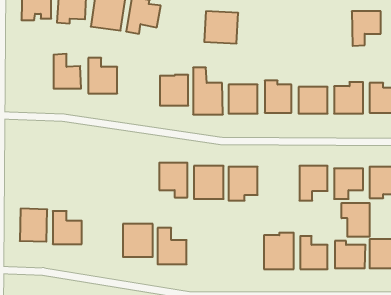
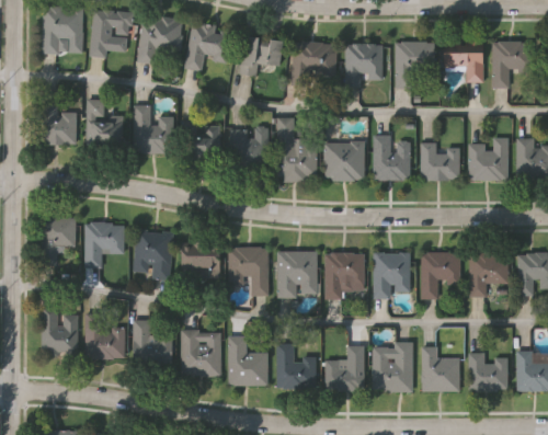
building: none -> [242,36,284,76]
building: none -> [396,41,432,88]
building: none -> [445,42,483,81]
building: none -> [344,43,383,83]
building: none -> [41,98,78,145]
building: none -> [184,124,221,154]
building: none -> [43,217,75,263]
building: none -> [84,221,125,267]
building: none -> [134,230,172,278]
building: none -> [182,241,221,274]
building: none -> [373,252,410,296]
building: [342,203,370,237] -> none
building: none -> [134,319,173,363]
building: none -> [326,345,364,390]
building: none -> [277,347,318,388]

